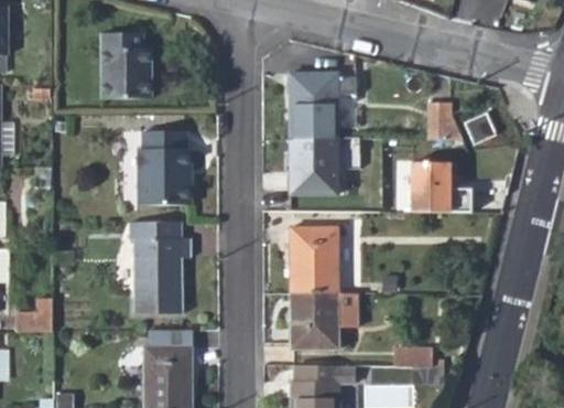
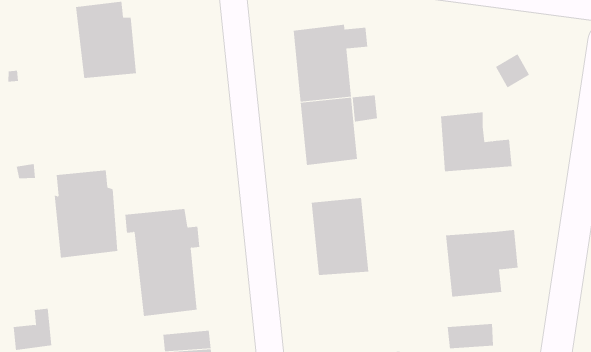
building: [427,101,462,139] -> none
building: [139,131,192,205] -> [54,170,118,258]
building: [292,292,354,347] -> [445,230,519,297]

